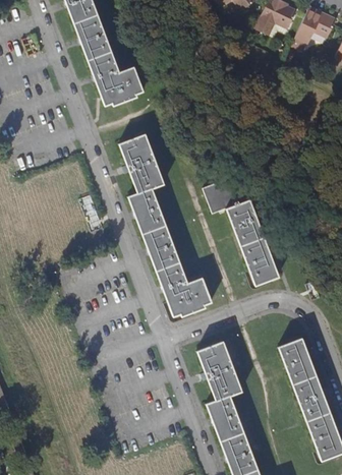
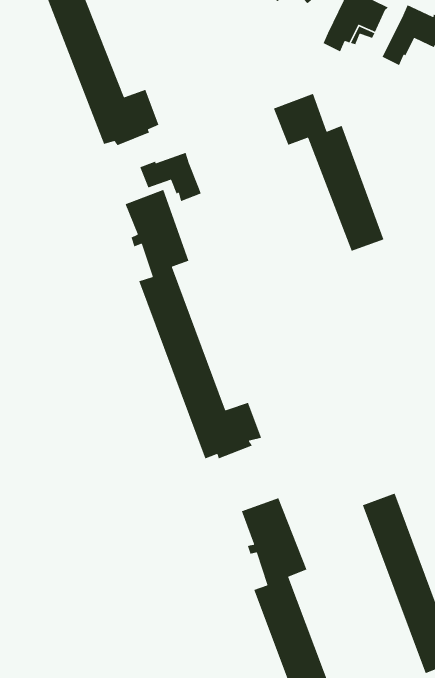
building: none -> [139,152,202,202]
building: [203,177,278,284] -> [273,93,384,252]

